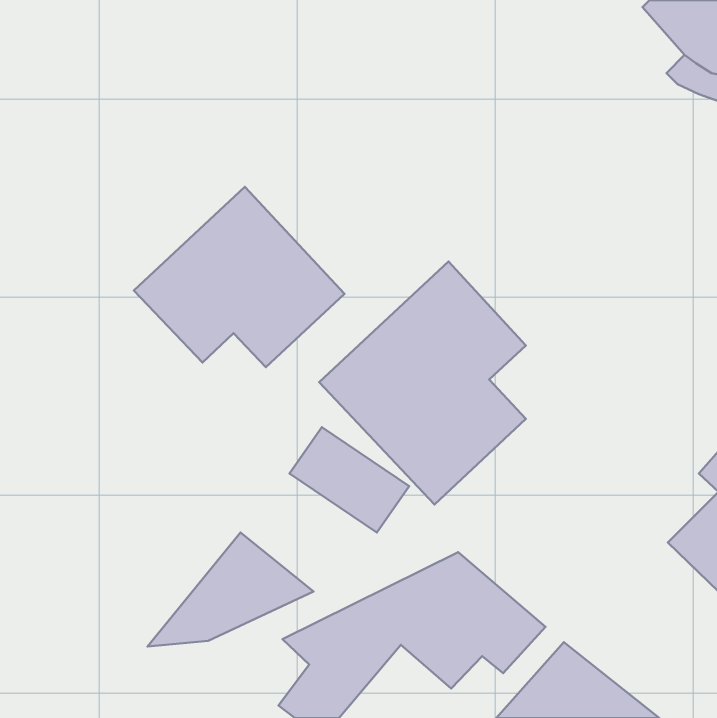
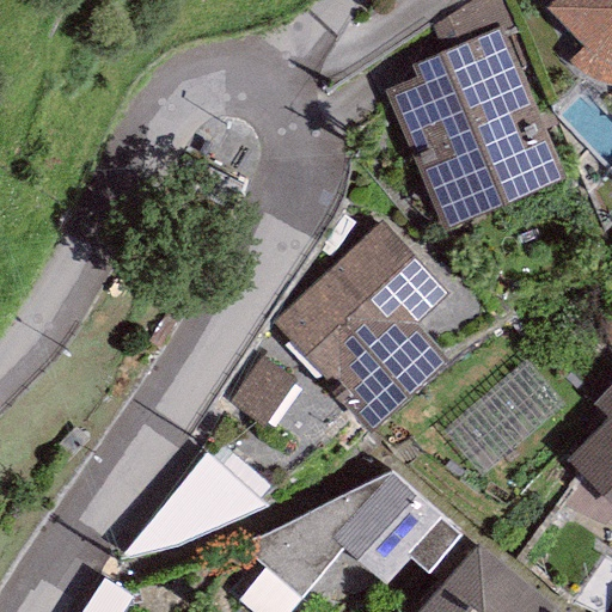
building: none -> [386,26,564,233]
building: [134,187,344,367] -> none

